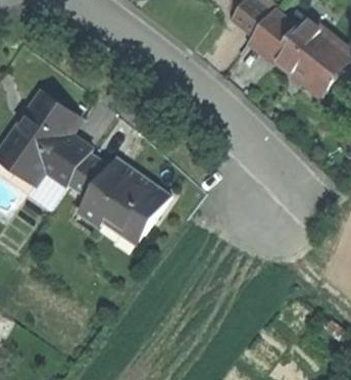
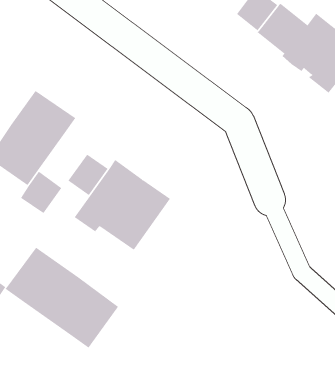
building: [43,132,91,184] -> none
building: none -> [5,247,119,348]

